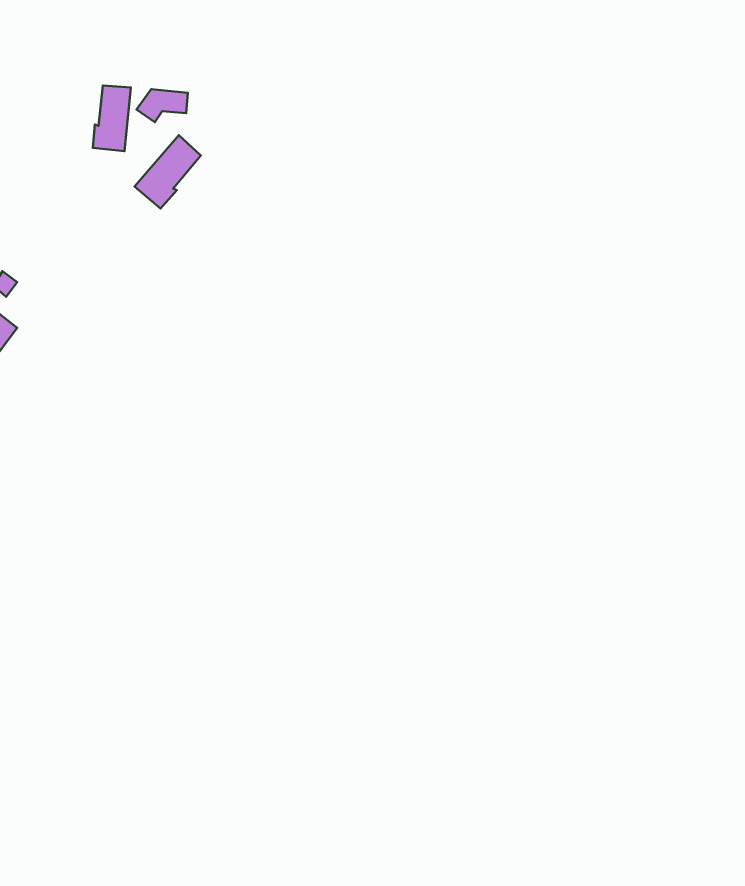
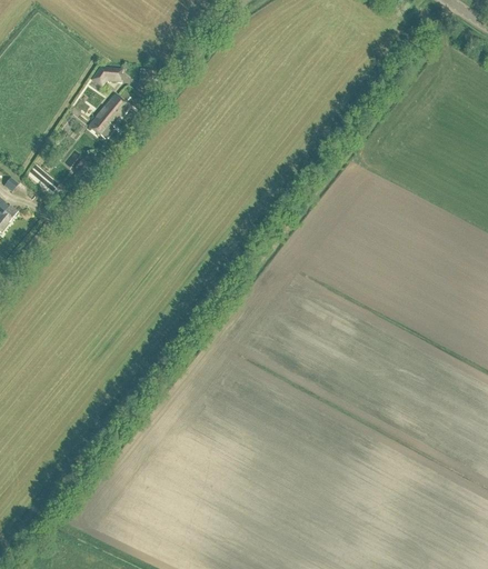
building: [93,86,131,151] -> none

